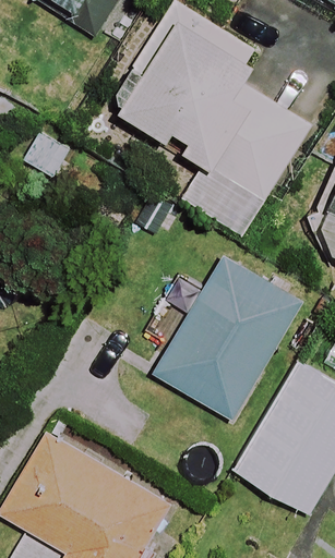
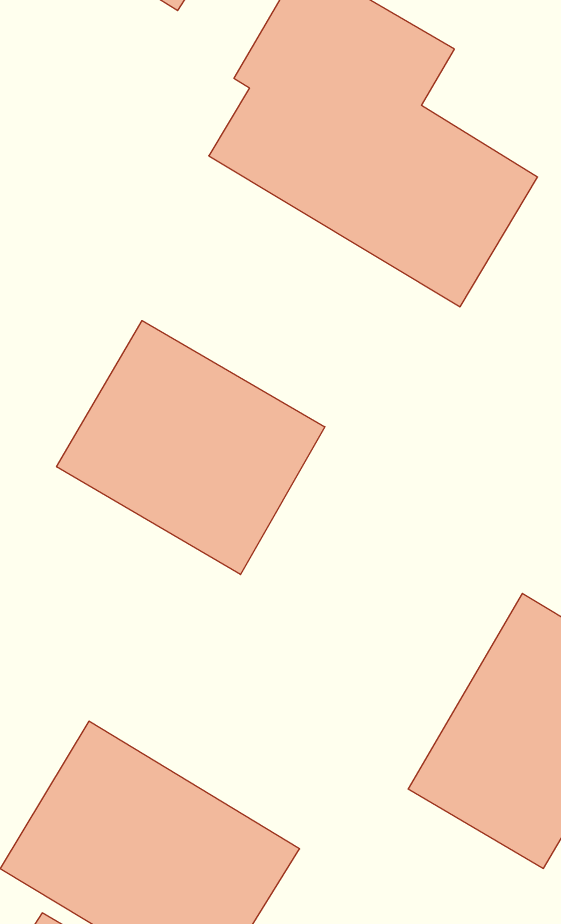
building: none -> [57,321,325,575]
building: [154,277,287,418] -> none

